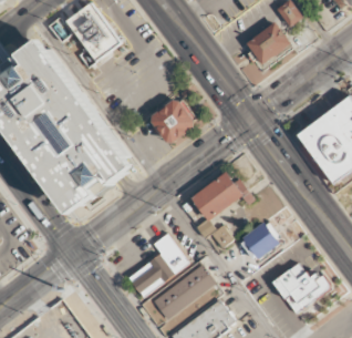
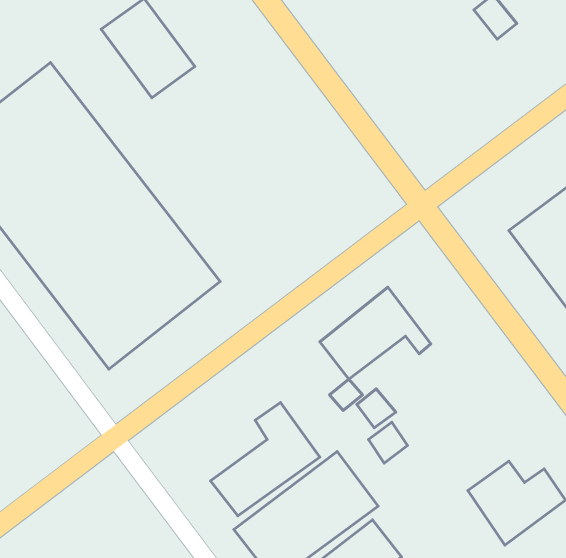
building: [245,21,292,66] -> none
building: [149,98,200,147] -> none
building: [240,222,280,260] -> none

